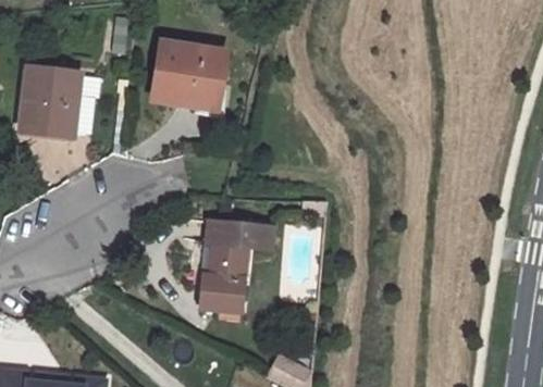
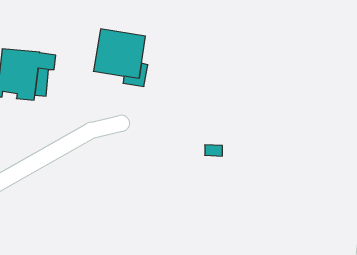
building: [198,217,275,311] -> none

